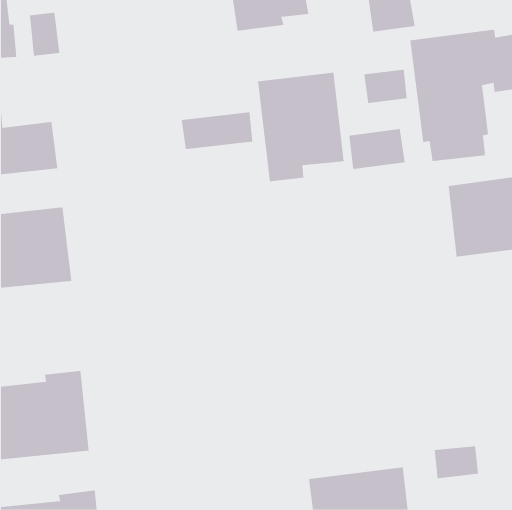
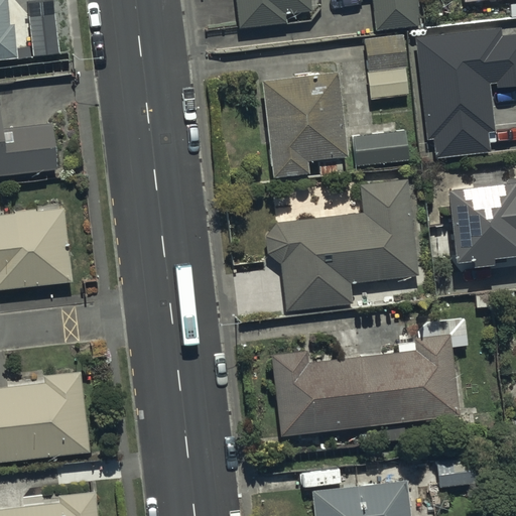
building: none -> [362,35,407,75]
building: [181,112,253,150] -> none
building: none -> [264,180,417,314]
building: none -> [270,336,460,426]

